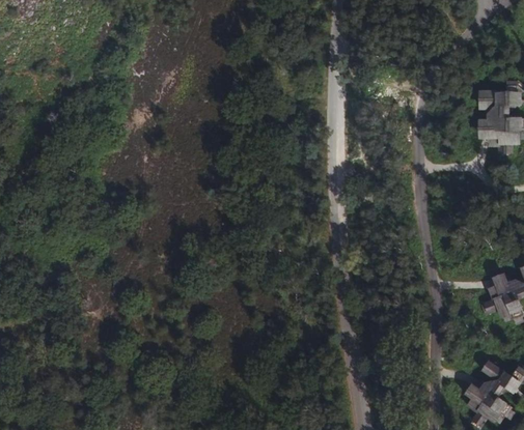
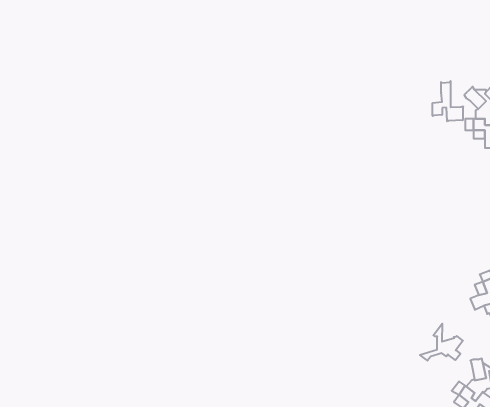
building: none -> [433,81,463,121]
building: none -> [420,324,463,361]

